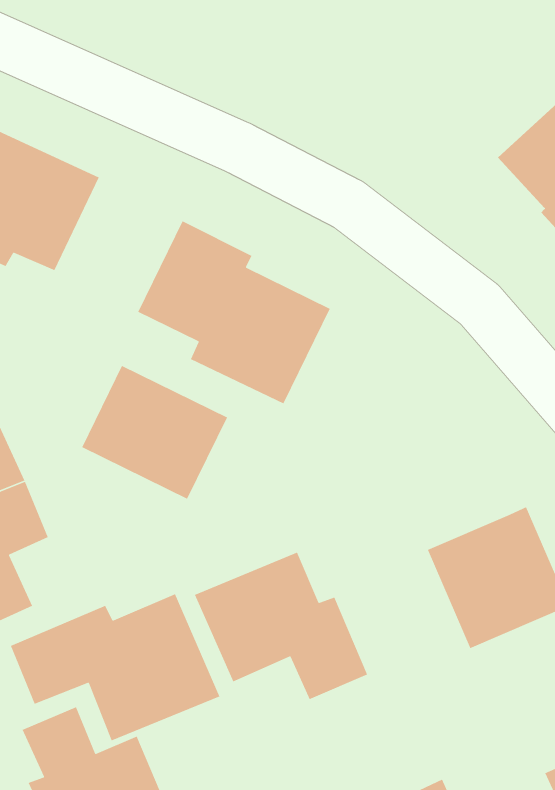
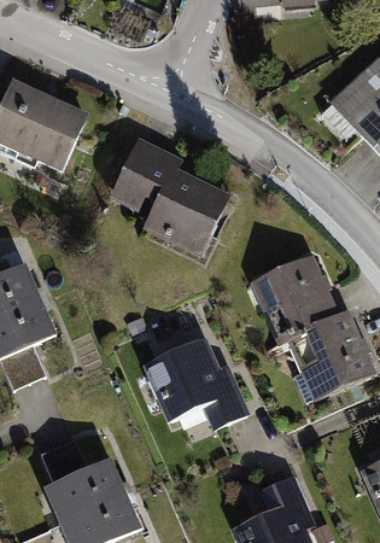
building: [81,365,228,500] -> none
building: none -> [251,257,339,344]
building: [10,593,221,741] -> none

